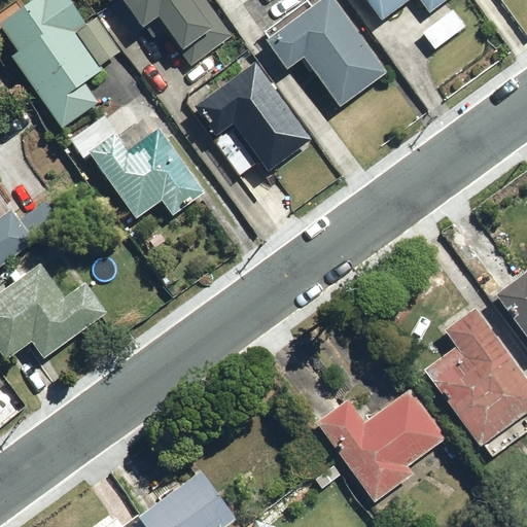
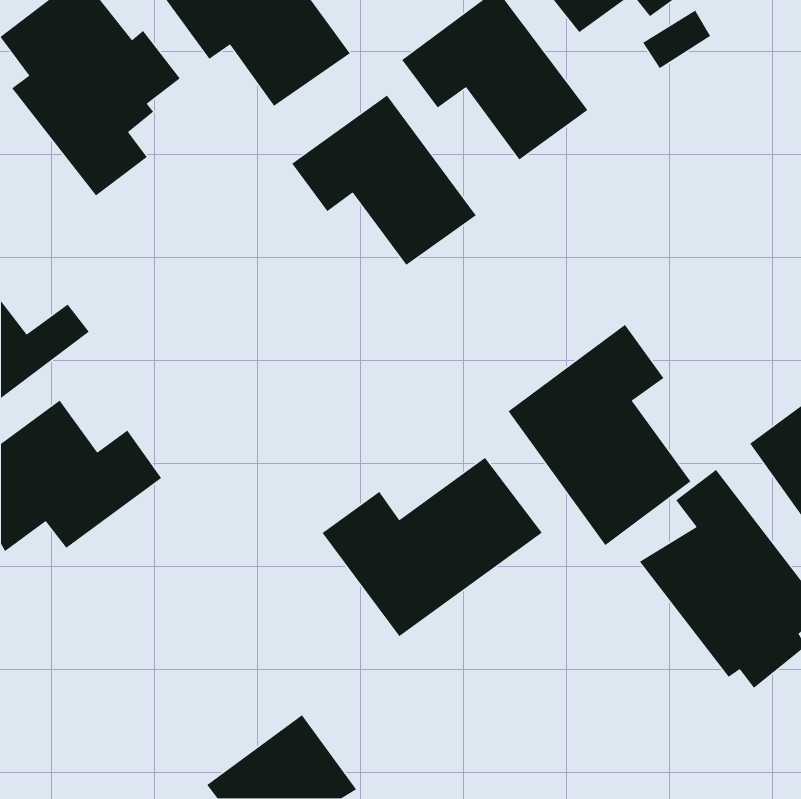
building: [72,114,204,221] -> none
building: none -> [507,324,691,546]
building: none -> [321,457,543,637]
building: [314,386,448,501] -> none

